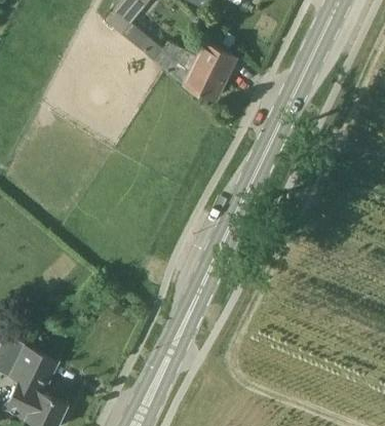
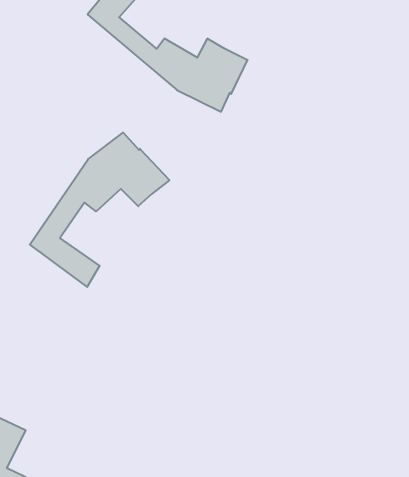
building: none -> [30,133,169,287]

